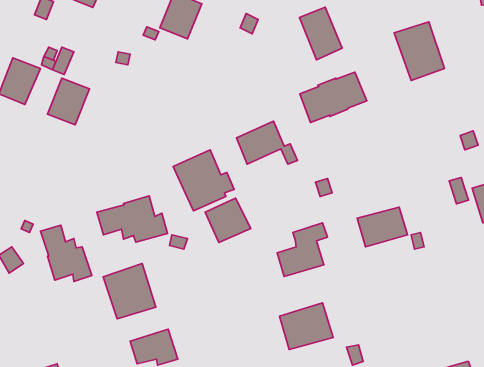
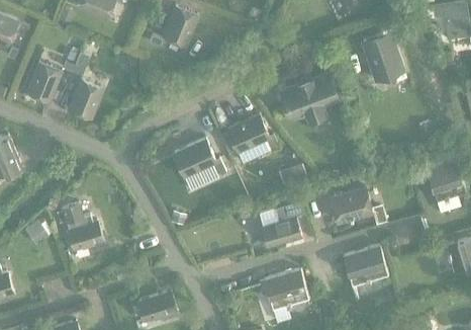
building: [299,7,342,60] -> none
building: [97,196,167,242] -> none
building: [205,198,251,243] -> none
building: [103,263,156,319] -> none
building: none -> [341,245,386,284]

